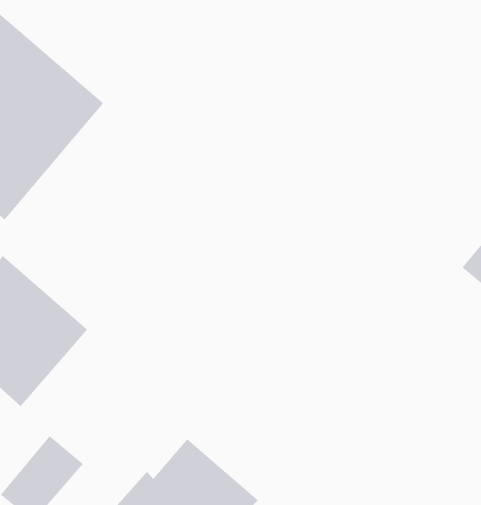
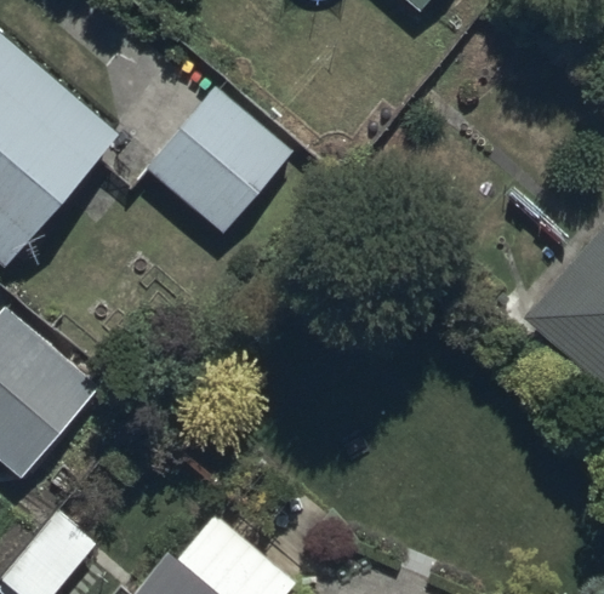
building: none -> [144,82,294,233]

